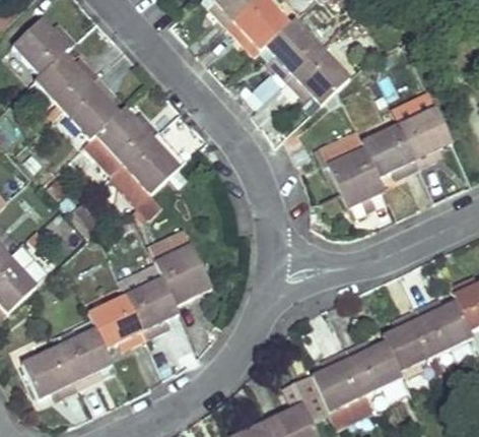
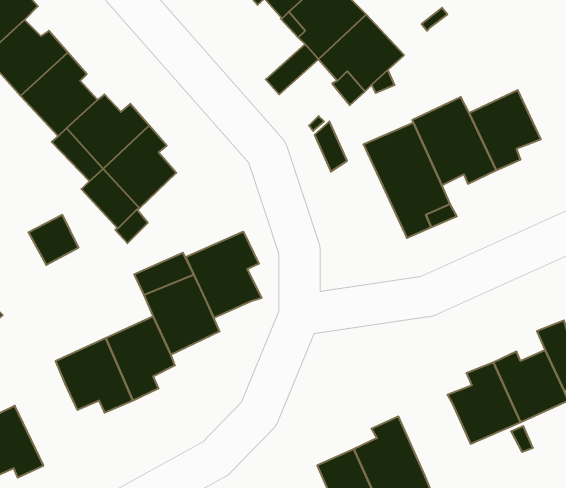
building: none -> [186,232,262,318]
building: [59,325,114,386] -> none
building: [346,340,403,393] -> none

